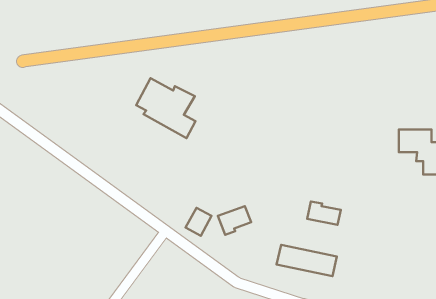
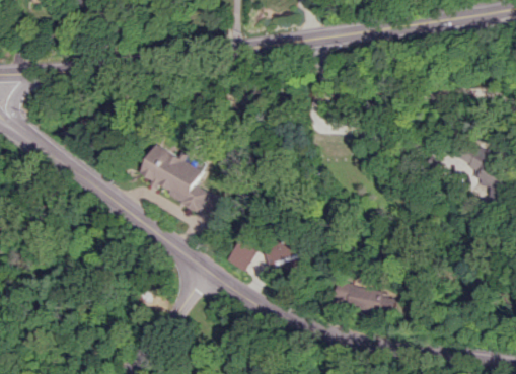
building: [136,78,196,138] -> [140,144,207,212]
building: [307,201,341,225] -> none

